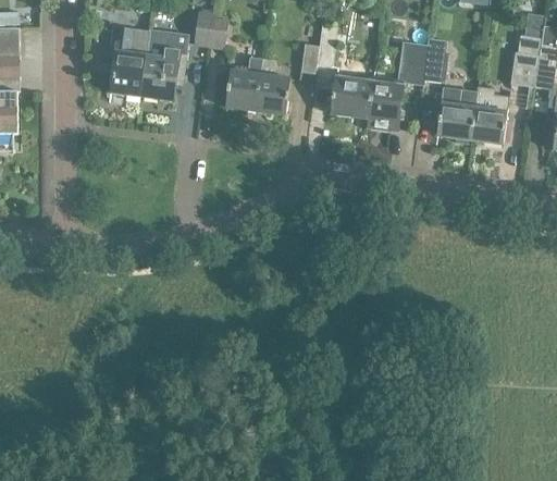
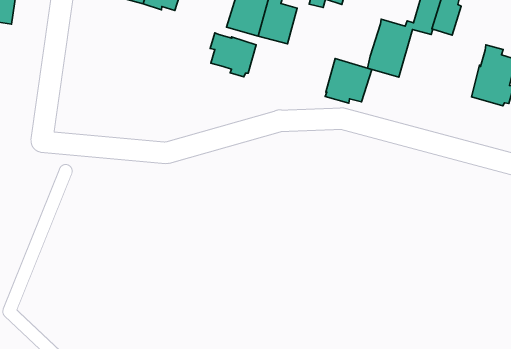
building: [331,76,372,118] -> [325,58,372,103]
building: [436,87,476,144] -> none
building: none -> [210,33,256,77]

